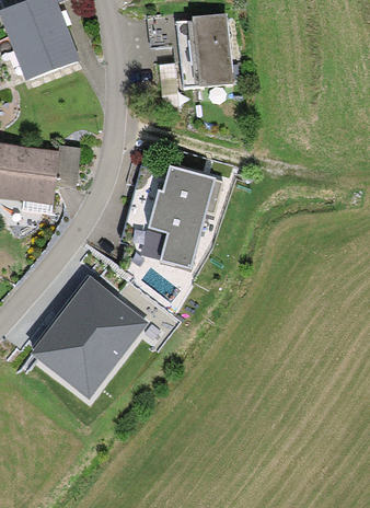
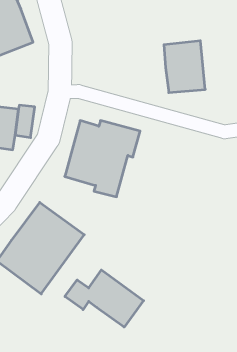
building: [176,16,232,86] -> [164,41,205,93]
building: none -> [65,270,144,327]

